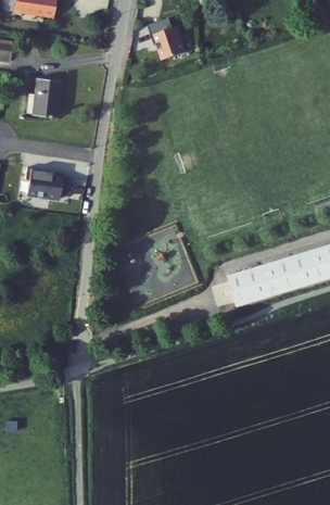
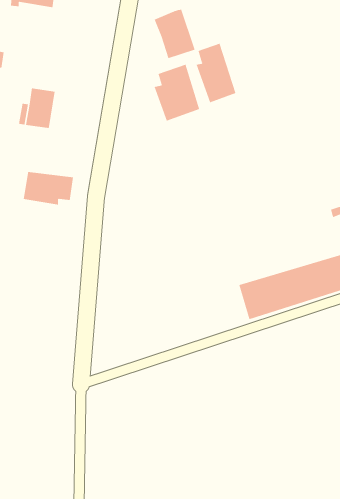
building: none -> [196,43,236,103]
building: none -> [154,64,200,121]

